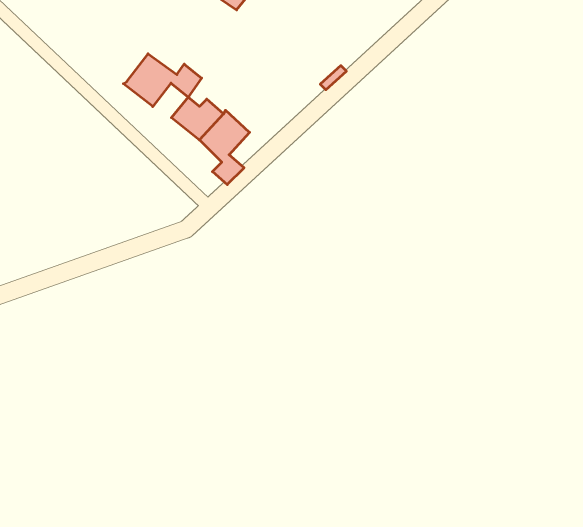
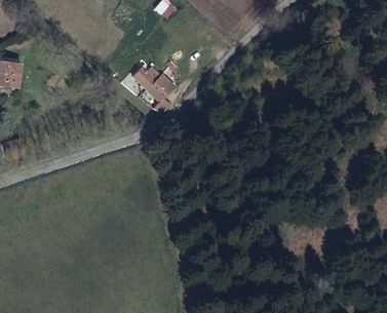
building: [123,54,202,107] -> none

